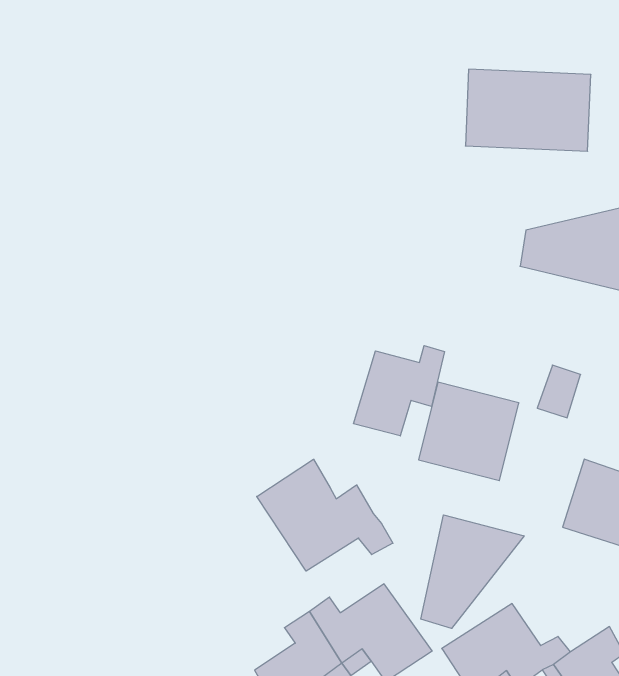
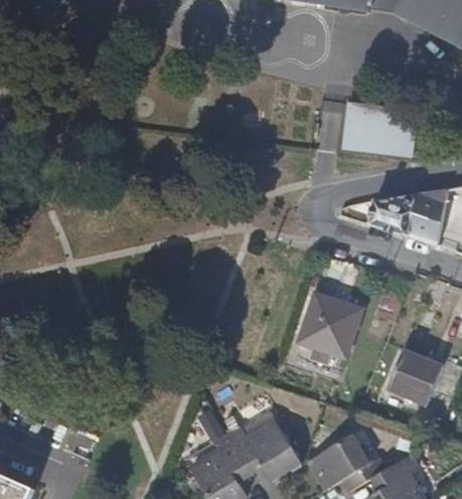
building: [354,346,445,436] -> none
building: [257,459,393,571] -> none
building: [421,515,524,628] -> none

